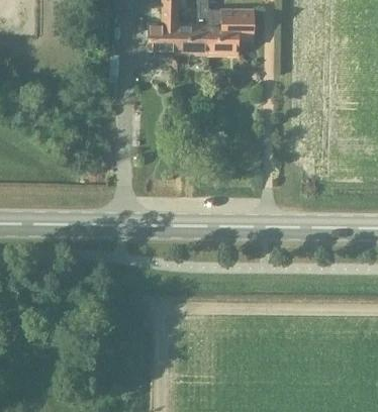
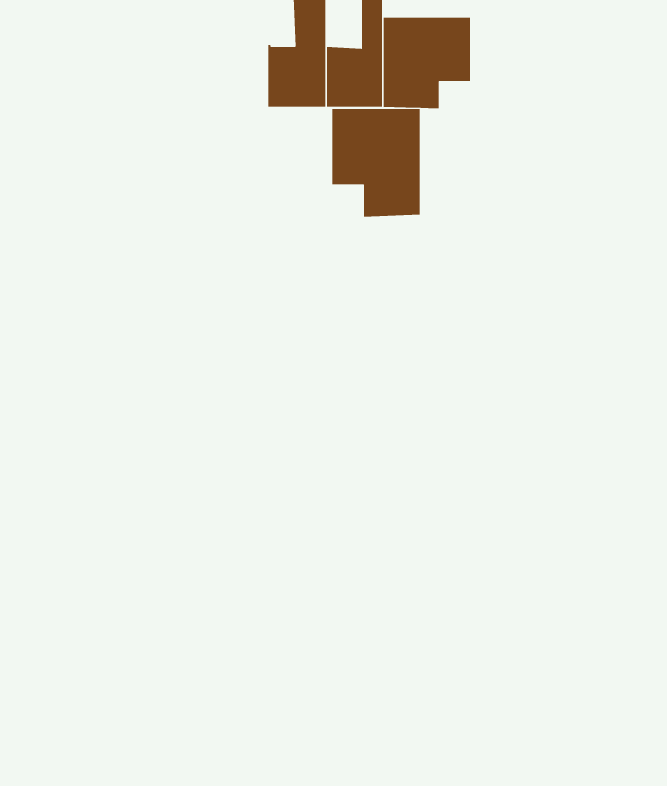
building: none -> [332,108,420,218]

